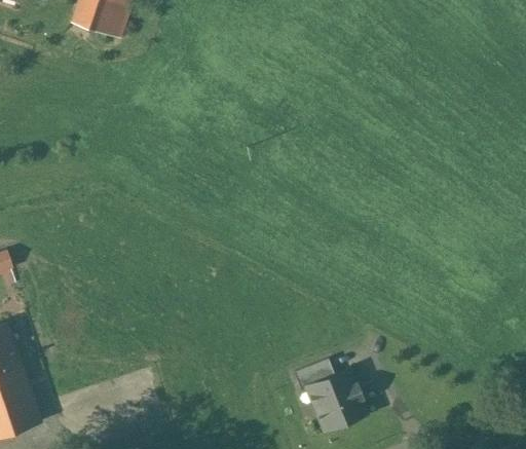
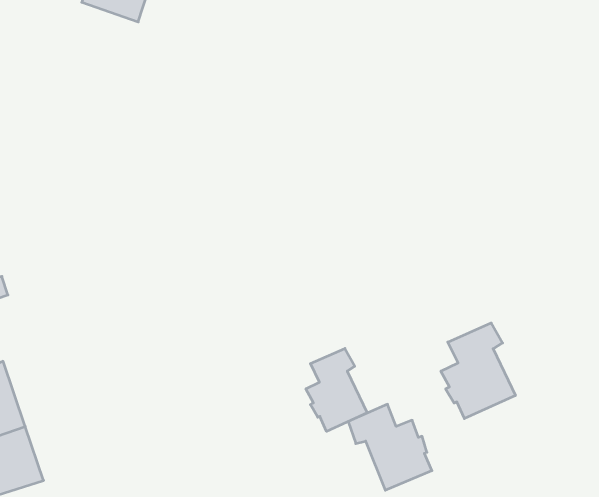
building: none -> [441,323,515,419]
building: none -> [306,348,367,431]

